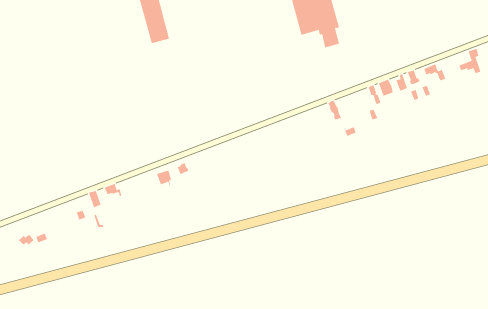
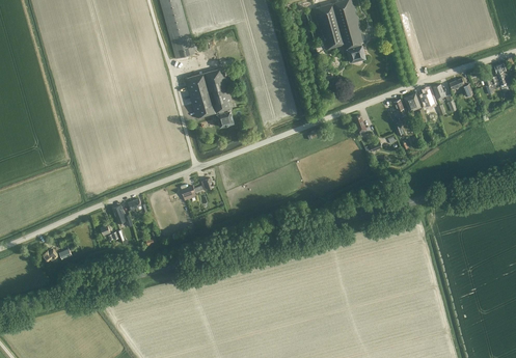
building: none -> [185,67,234,127]

